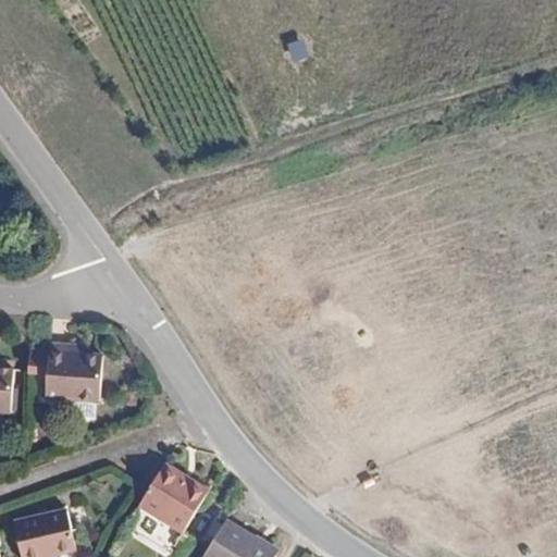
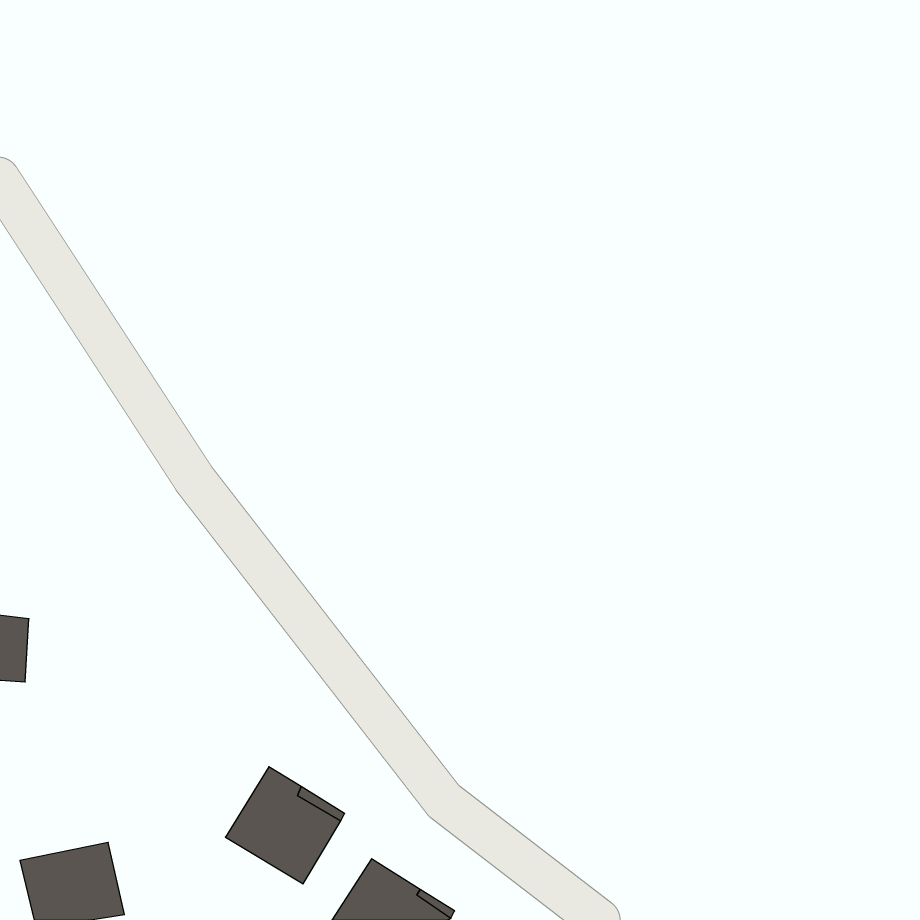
building: [45,348,102,406] -> none

